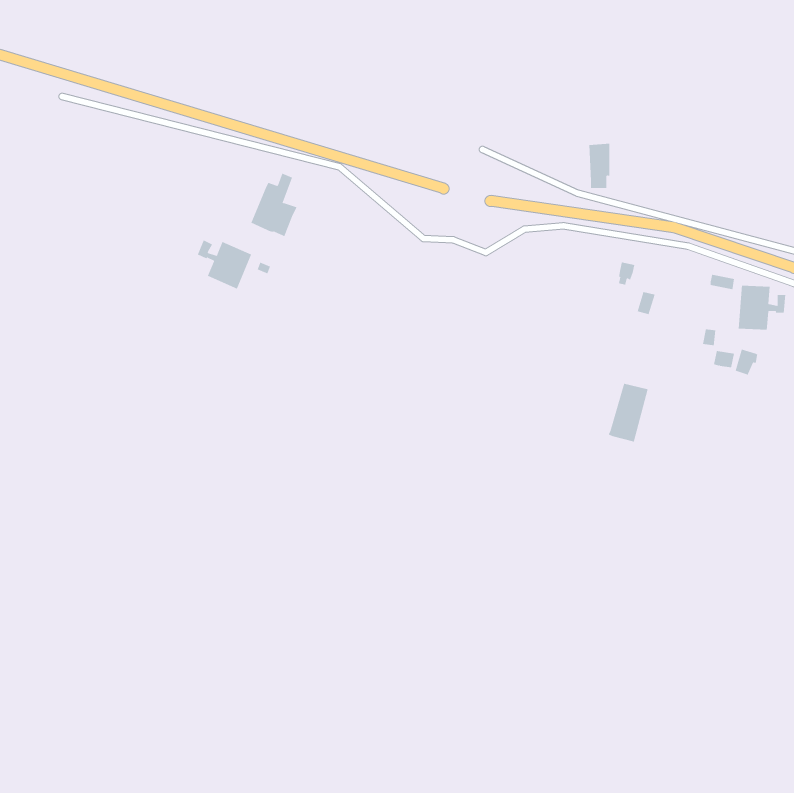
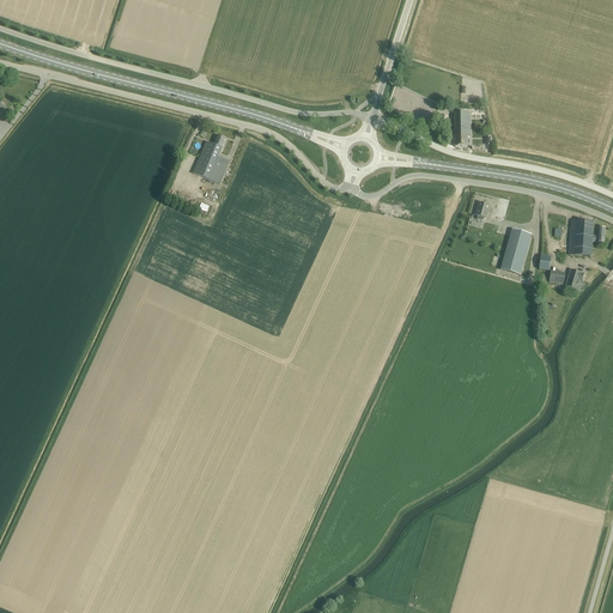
building: [197,240,252,289] -> none
building: [608,383,648,442] -> [499,227,530,273]

